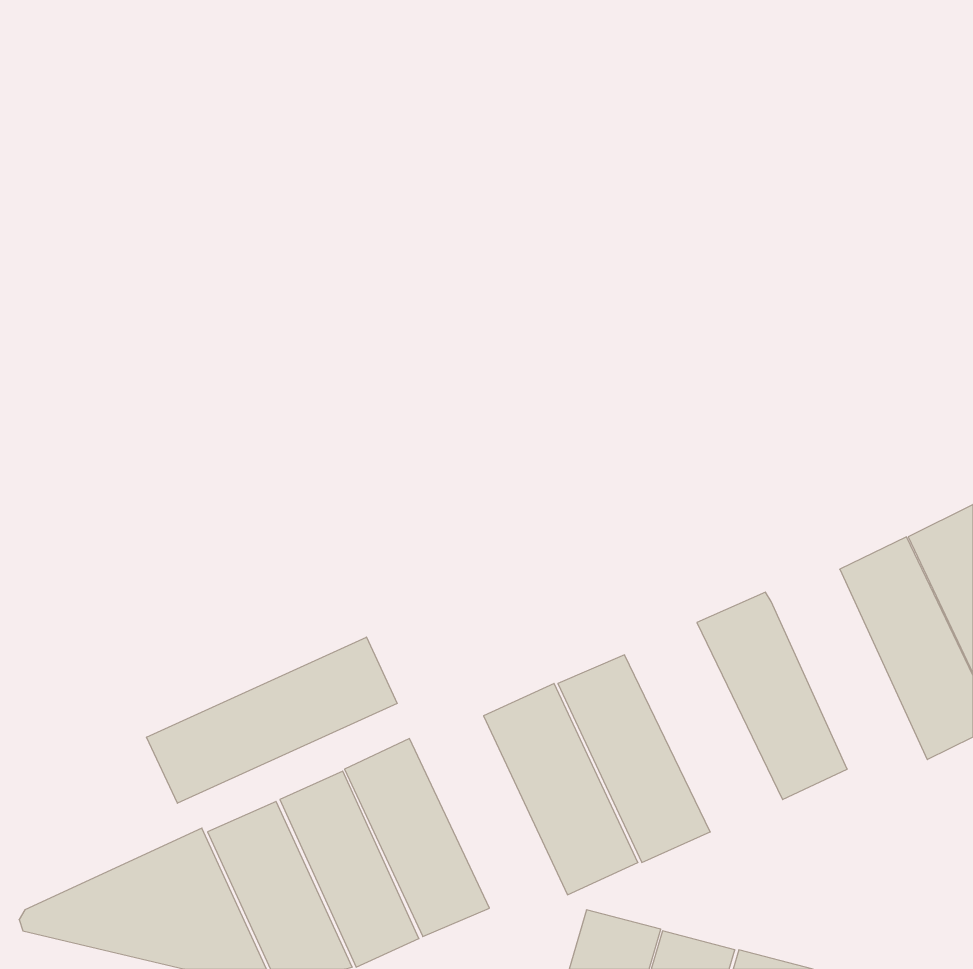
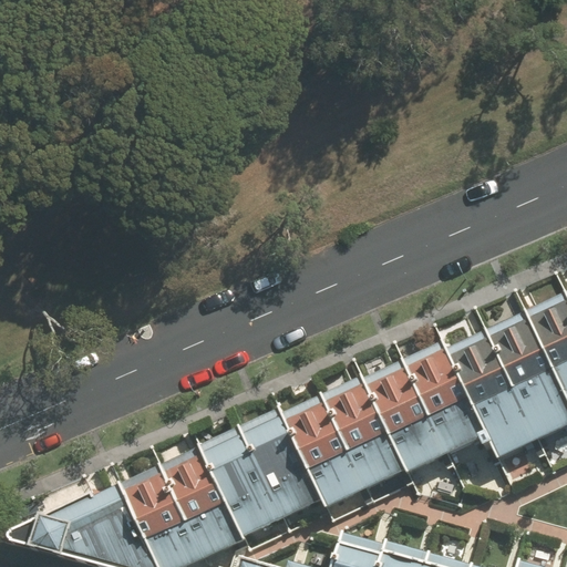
building: none -> [452,332,539,460]
building: none -> [364,362,454,483]
building: [147,637,397,803] -> none
building: none -> [239,412,323,529]

